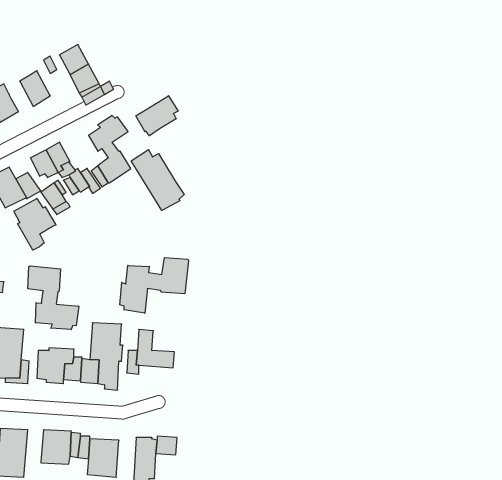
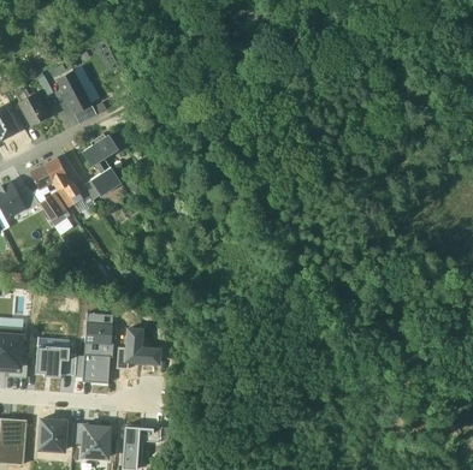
building: [136,96,178,136] -> none
building: [131,150,184,210] -> none
building: [14,198,56,250] -> none
building: [120,258,189,313] -> none
building: [28,266,79,330] -> none

